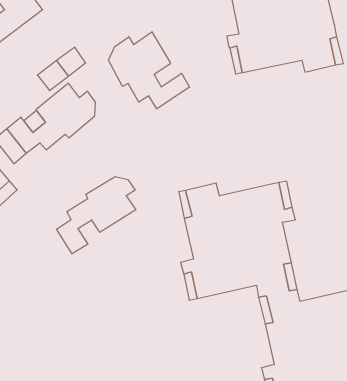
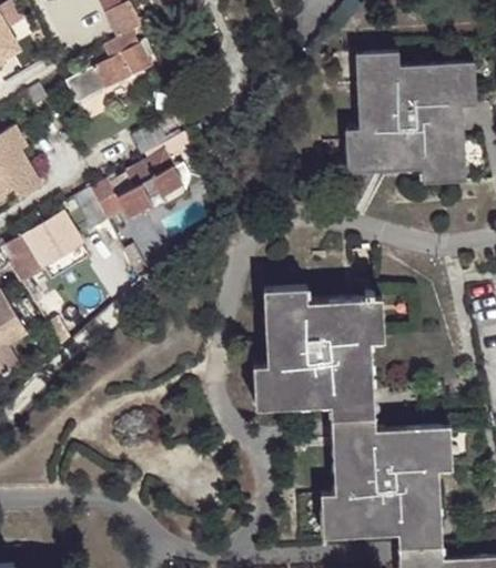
building: [108,32,190,109] -> none
building: [57,177,136,254] -> none

